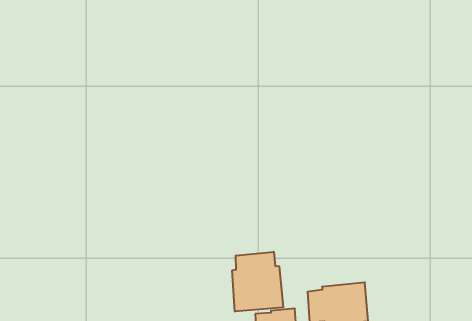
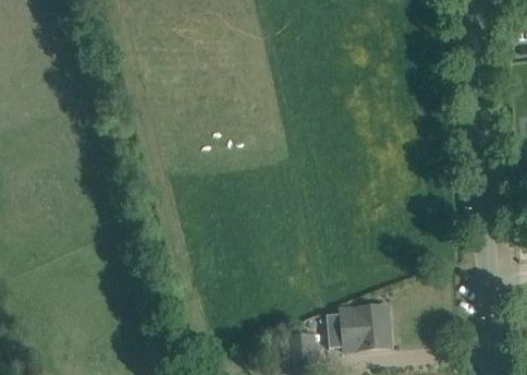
building: [232,252,283,312] -> none

